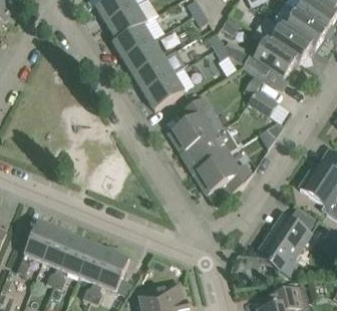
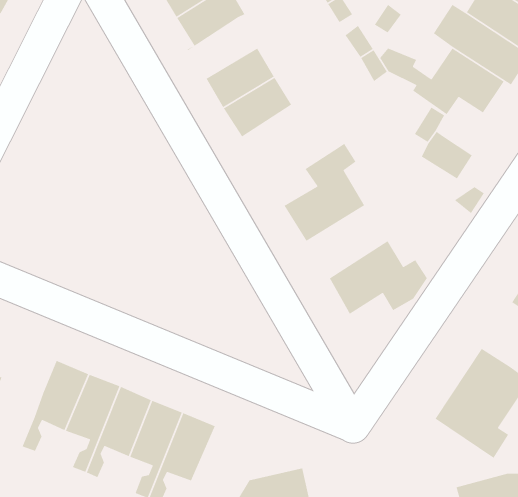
building: [113,23,153,58] -> none
building: [144,73,185,109] -> none
building: [182,125,238,174] -> none

